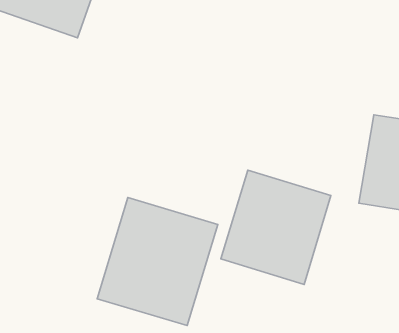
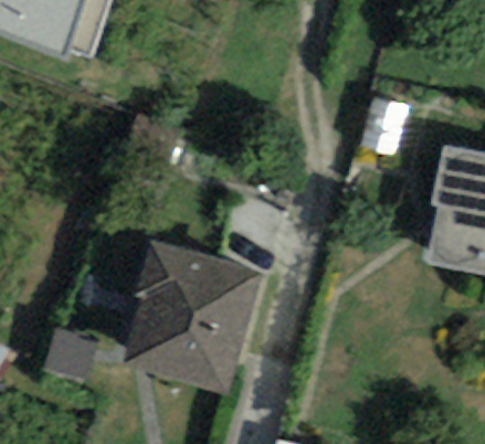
building: [221,170,331,284] -> none

